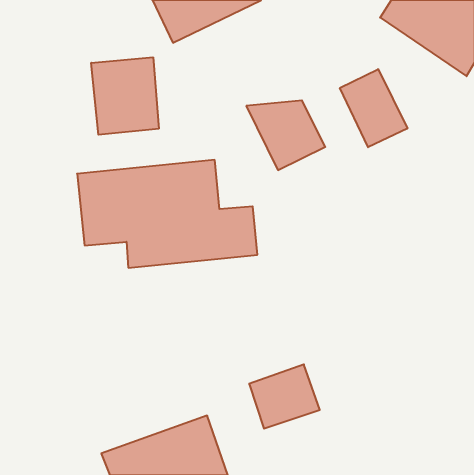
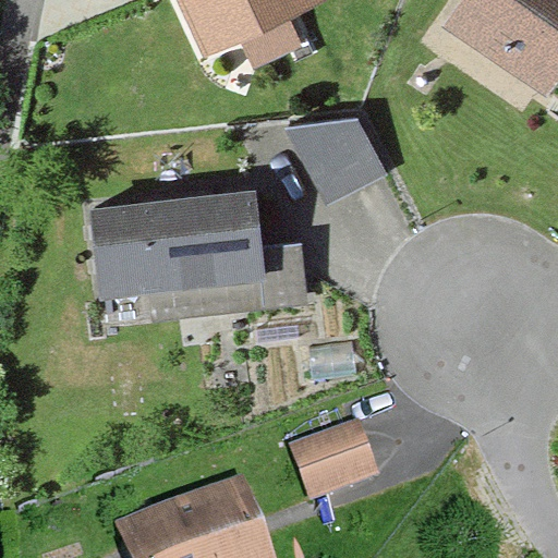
building: [91,57,159,135] -> none
building: [340,69,407,147] -> none

